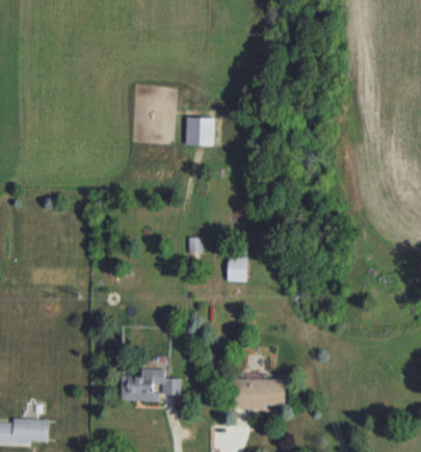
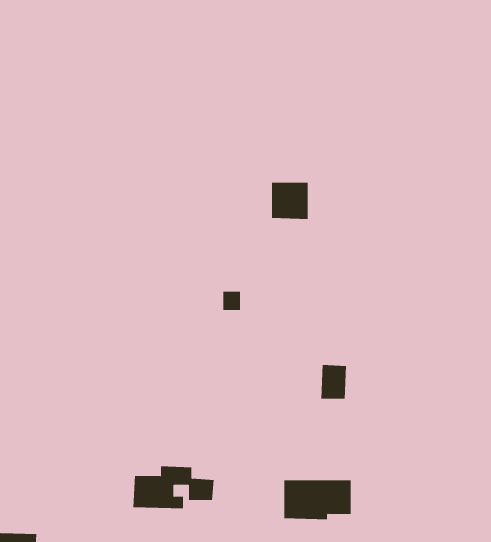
building: [186,117,214,145] -> [271,182,309,219]
building: [227,256,246,282] -> [320,365,347,399]

